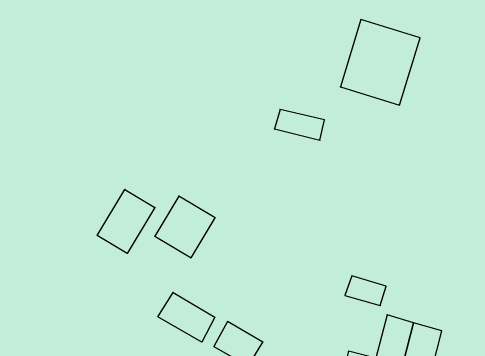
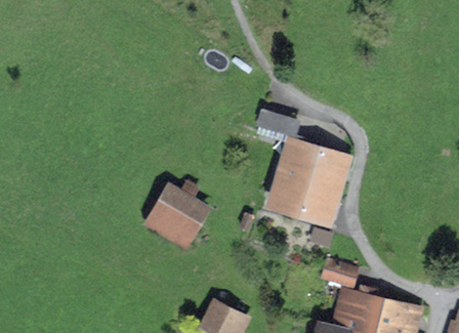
building: [340,20,420,105] -> [273,139,344,216]
building: [97,189,155,253] -> none
building: [158,292,215,342] -> none

